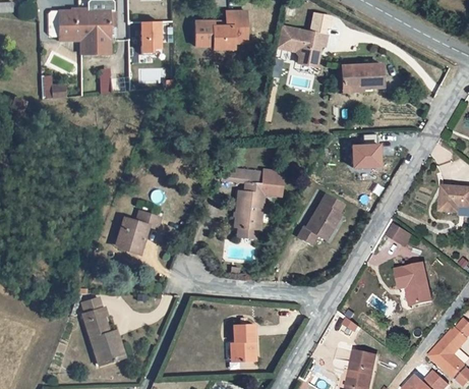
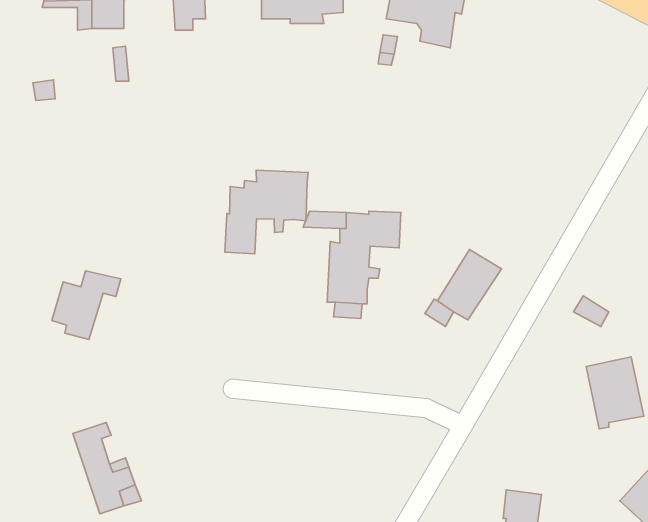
building: [341,62,383,91] -> none
building: [354,132,382,166] -> none
building: none -> [225,170,308,254]
building: [120,212,164,256] -> [52,271,121,340]
building: [227,322,248,359] -> none

